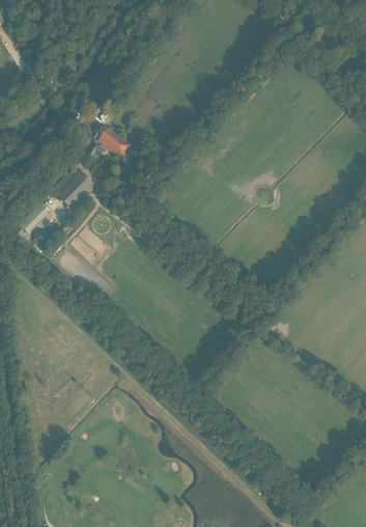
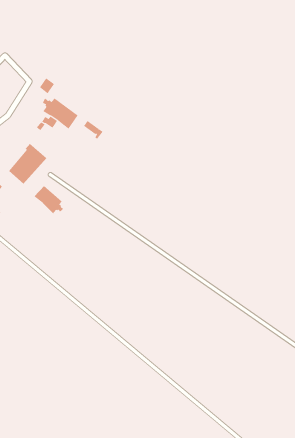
building: none -> [34,185,64,214]

